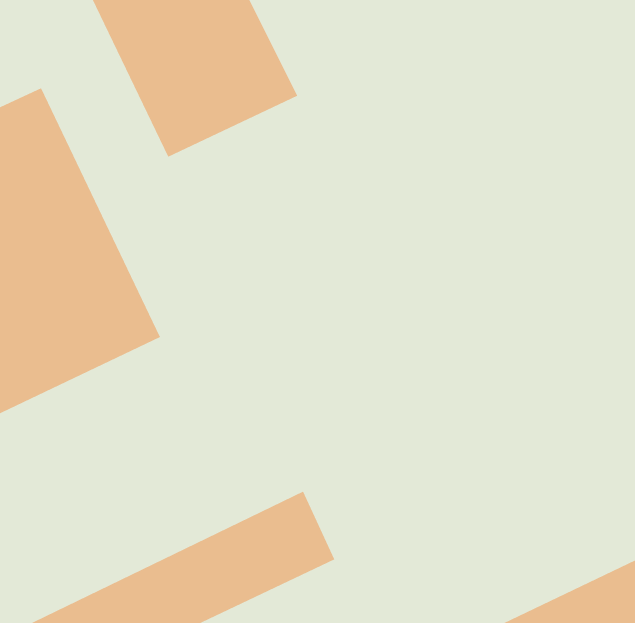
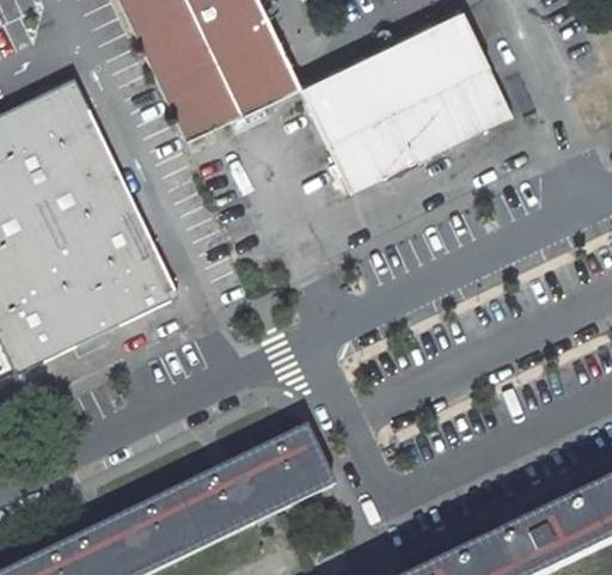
building: none -> [296,6,510,192]

